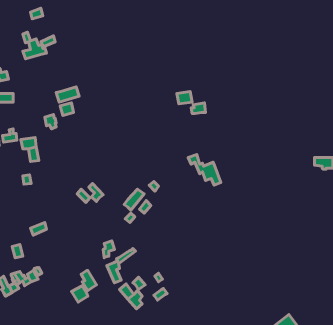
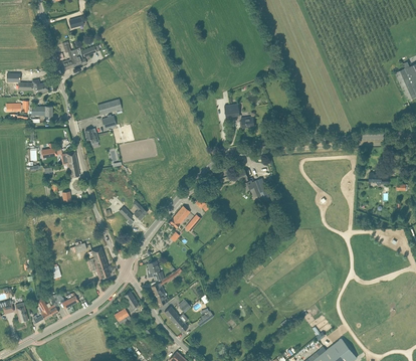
building: none -> [86,246,111,279]

